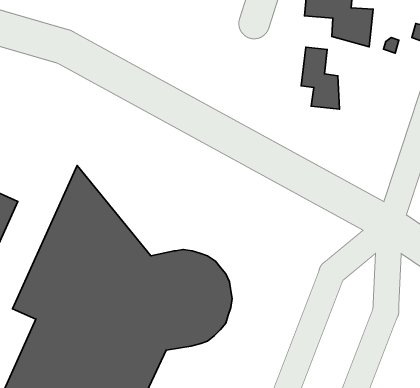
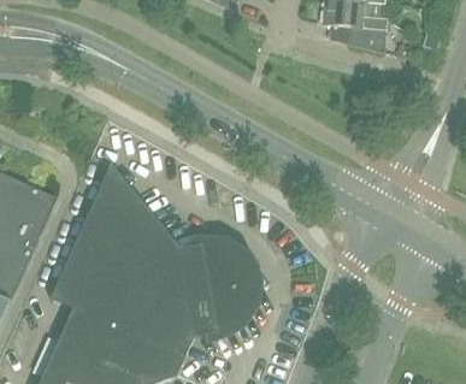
building: [301,47,339,109] -> none

